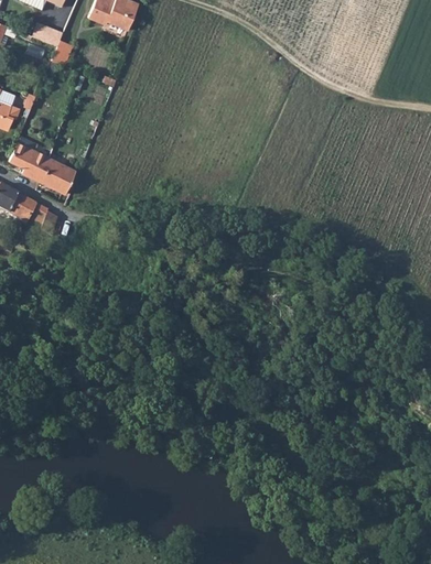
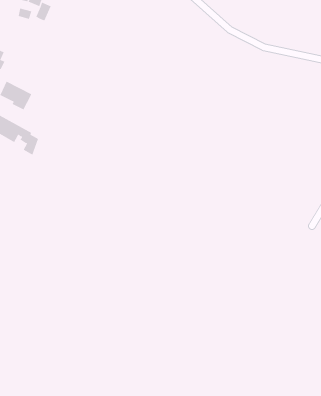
building: [37,159,75,193] -> none

